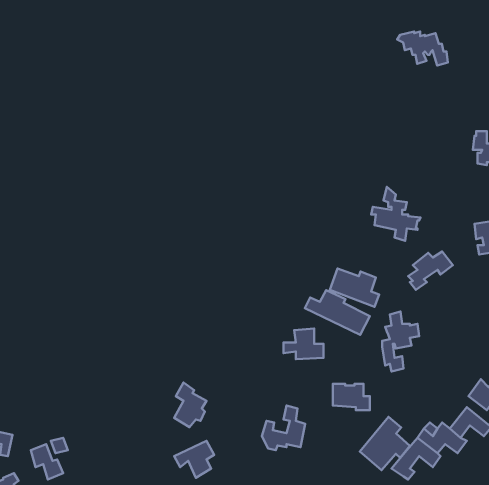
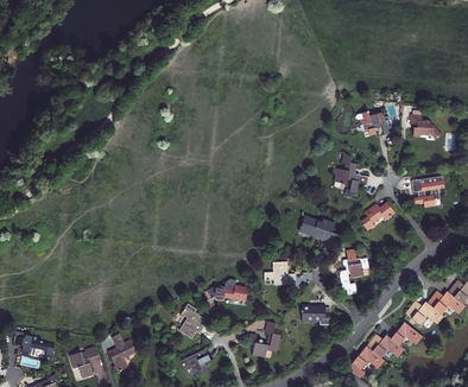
building: [397,32,448,66] -> [353,110,392,137]
building: [305,290,370,335] -> none
building: none -> [214,279,248,302]
building: [360,417,410,470] -> none
building: none -> [107,332,137,373]

